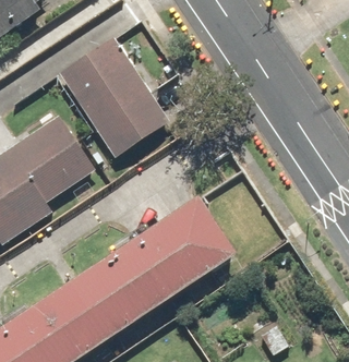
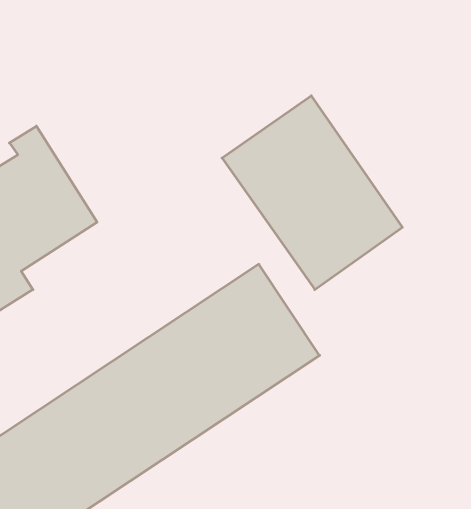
building: [57,34,173,159] -> [222,96,402,290]

